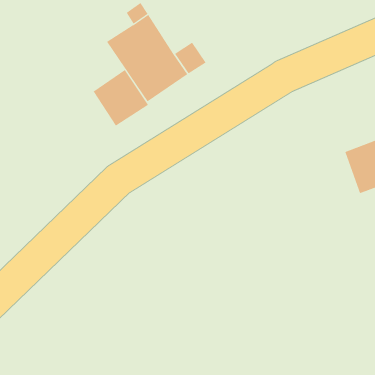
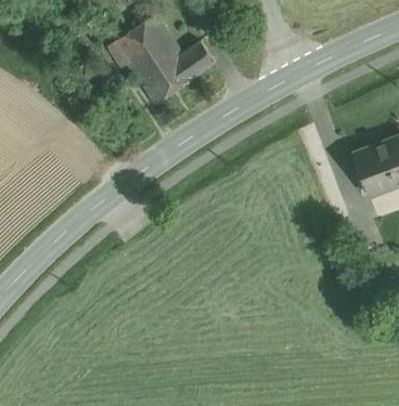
building: [93,69,149,127] -> none

